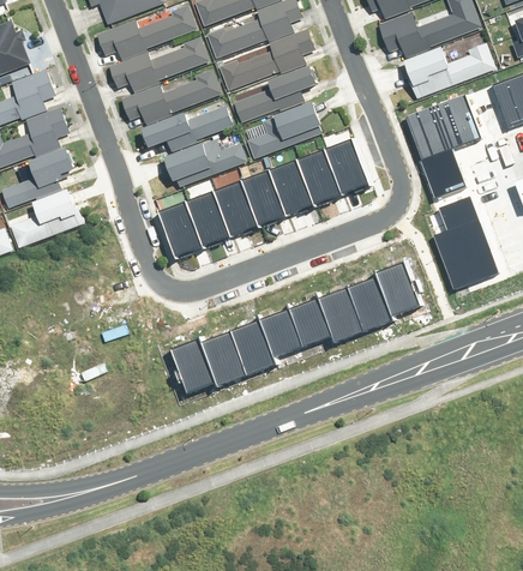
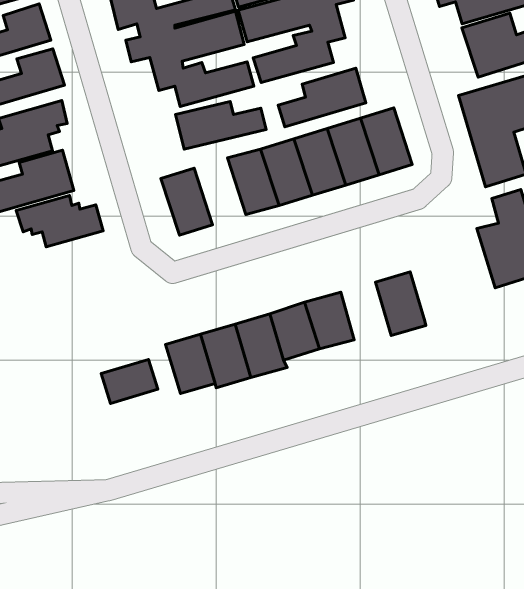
building: [186,188,233,246] -> none
building: none -> [16,196,103,247]
building: [374,259,421,314] -> none
building: [318,284,363,341] -> none
building: none -> [101,359,158,404]

